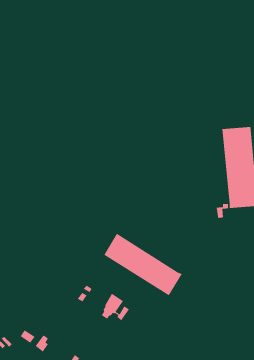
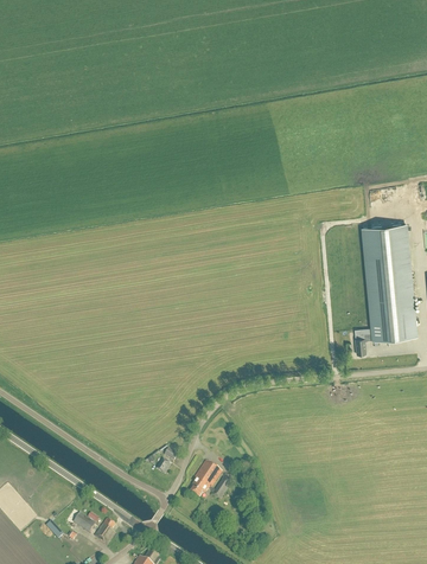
building: [103,233,182,296] -> none

